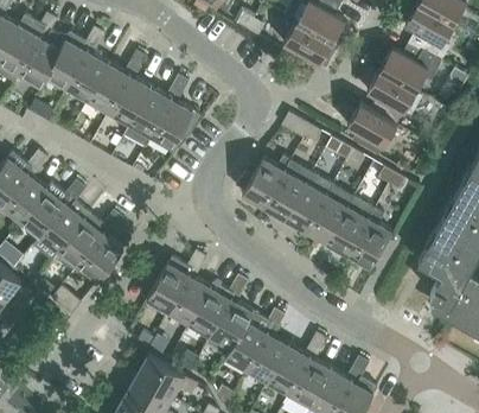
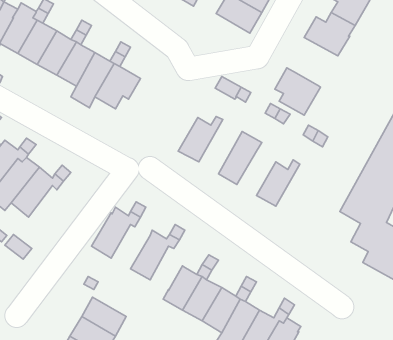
building: [368,70,416,123] -> none
building: [264,160,312,220] -> none
building: [306,195,349,243] -> none
building: [349,209,391,267] -> none
building: [78,233,123,282] -> none
building: [168,275,211,324] -> none
building: [211,299,254,348] -> none

